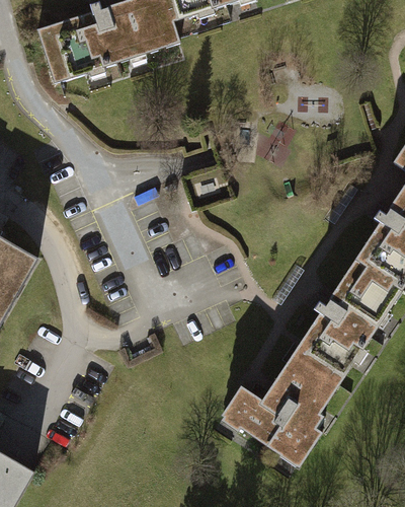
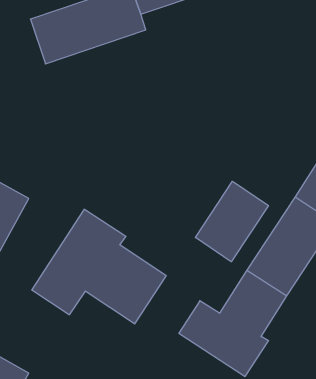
building: none -> [195,181,268,262]
building: none -> [32,209,166,324]

